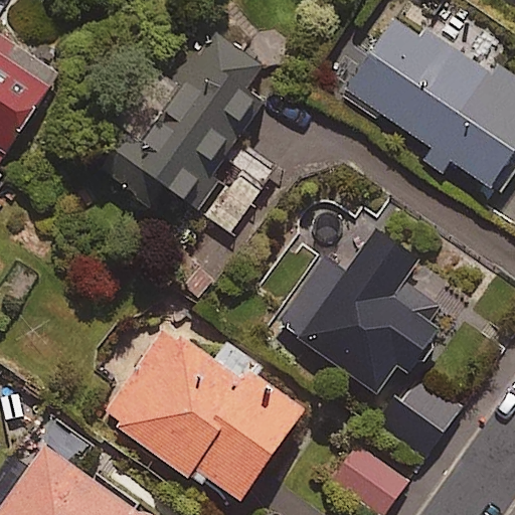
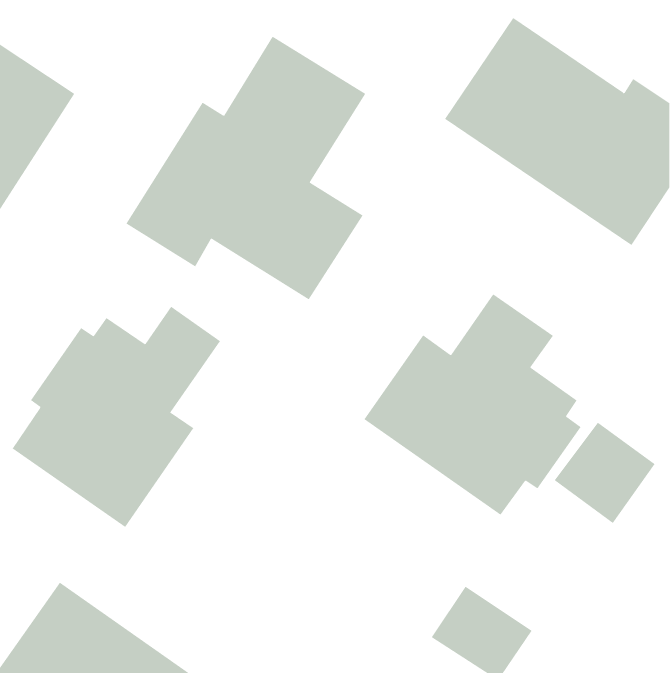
building: none -> [12,306,221,528]
building: [101,325,309,501] -> none
building: [380,377,458,455] -> [554,422,656,524]

